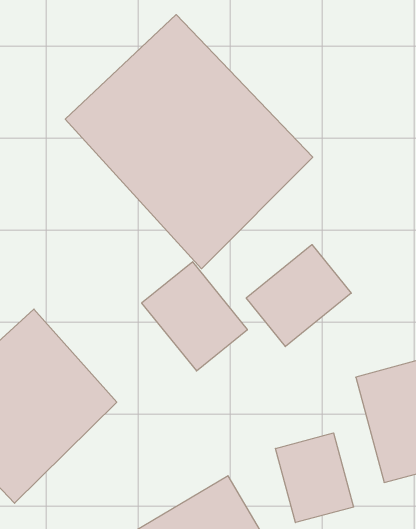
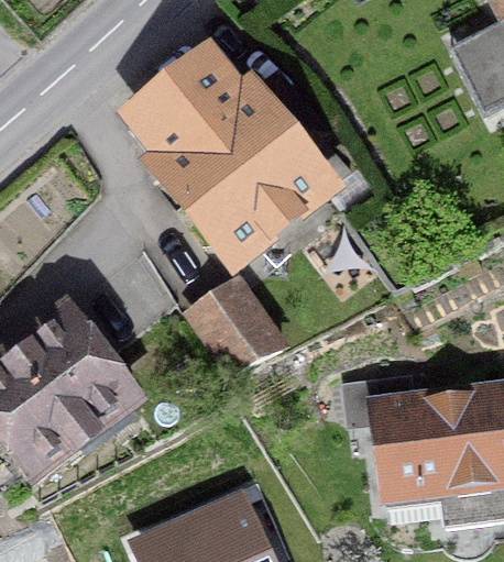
building: [246,245,351,347] -> none
building: [275,433,353,523] -> none

